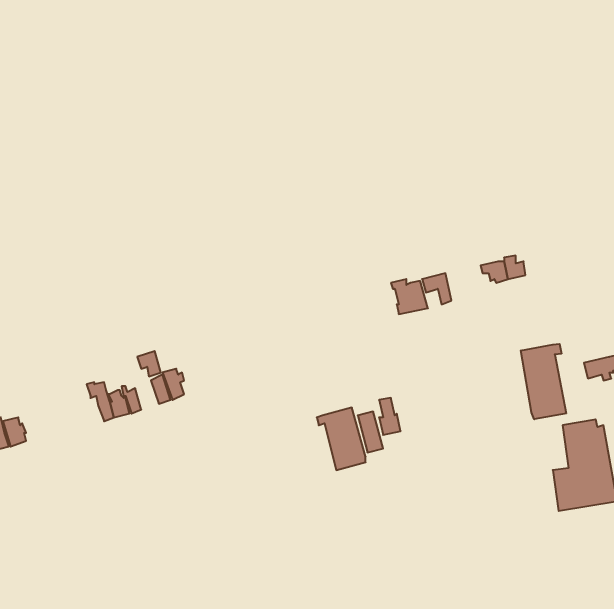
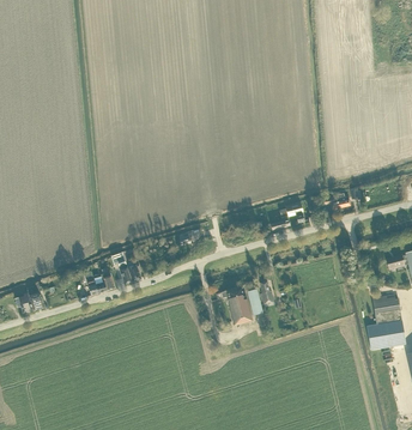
building: [521,344,566,419] -> none

